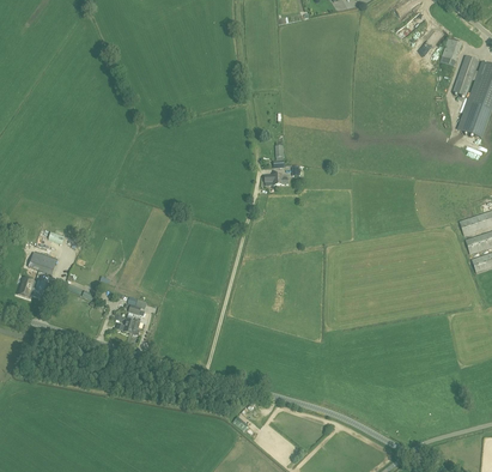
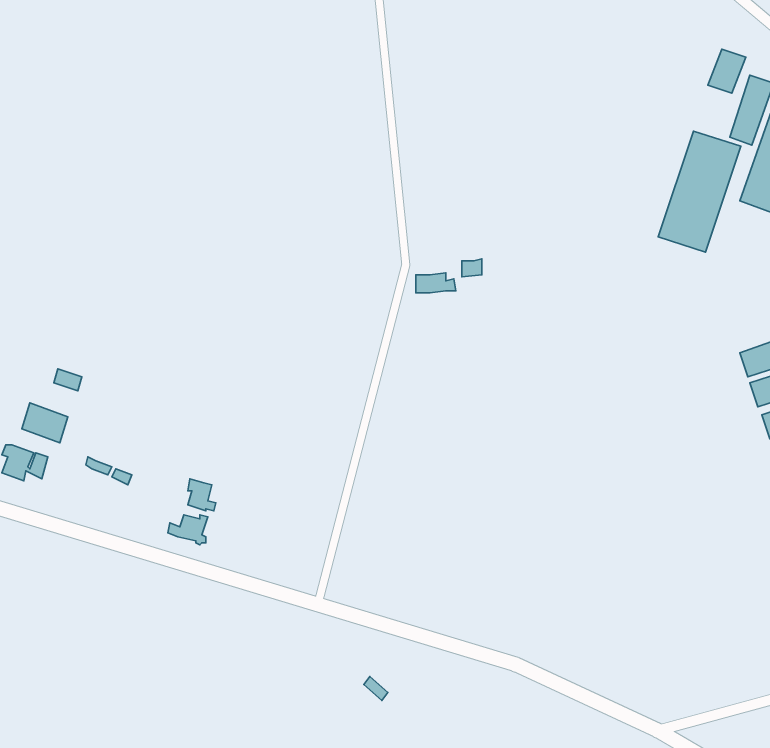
building: none -> [658,131,741,252]

